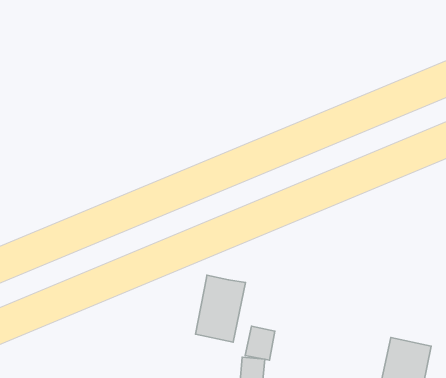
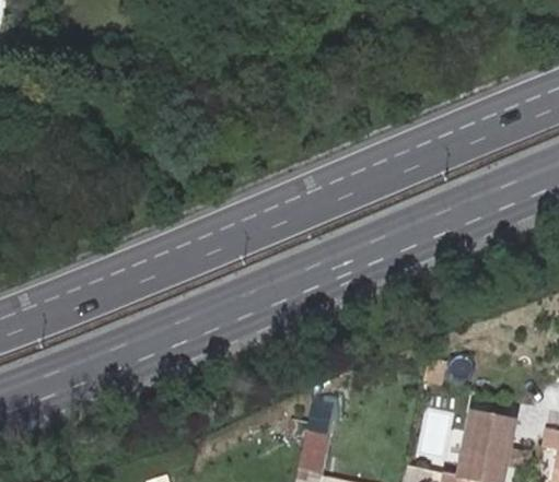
building: [195,275,246,342] -> none

